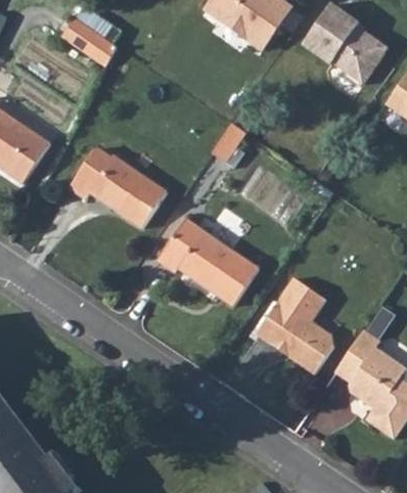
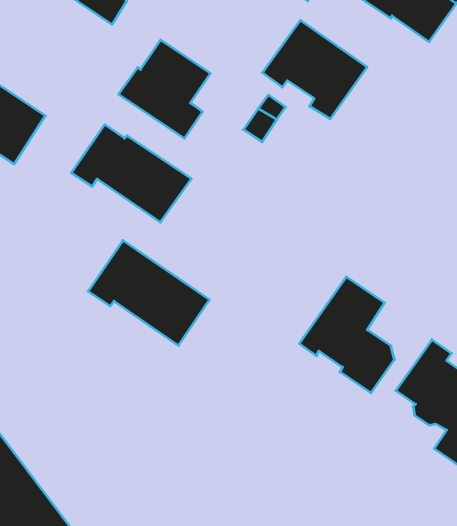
building: none -> [262,20,367,119]
building: none -> [119,40,210,138]
building: [154,220,255,307] -> [88,240,209,346]

